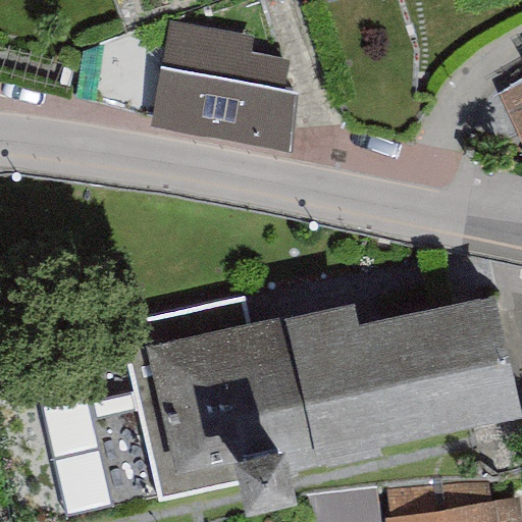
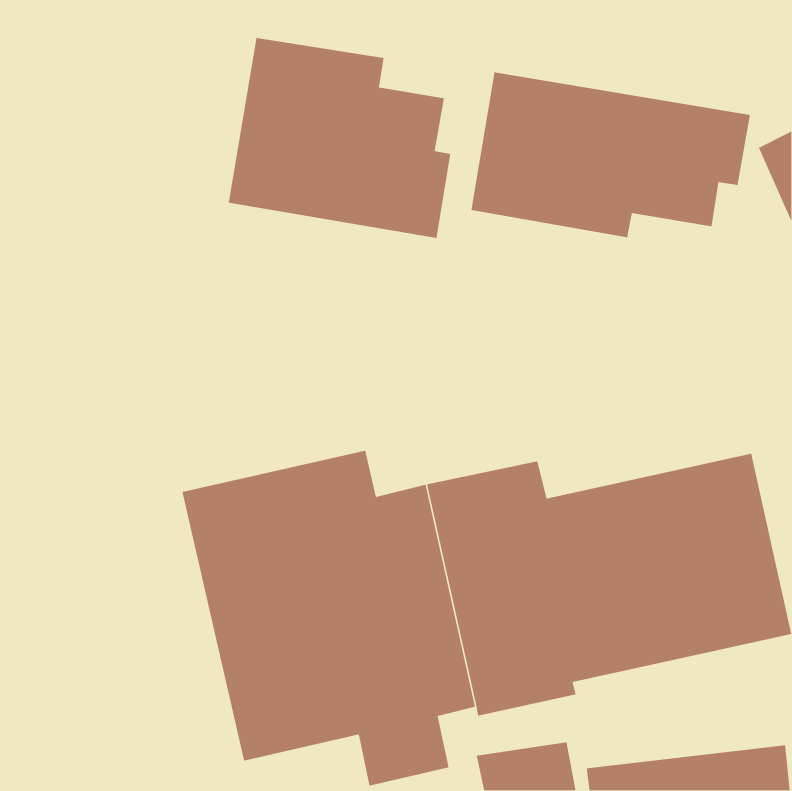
building: none -> [471,72,751,238]
building: [51,384,118,507] -> none

